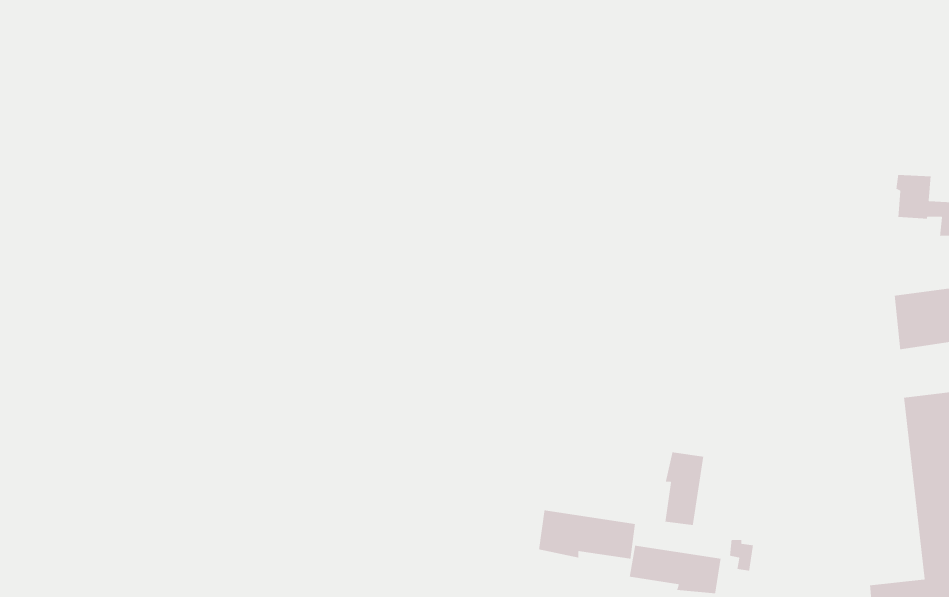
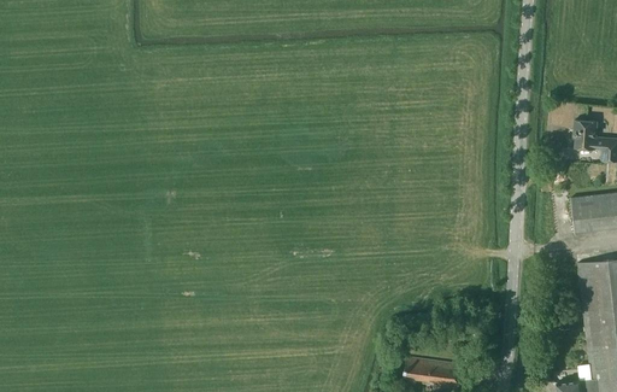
building: [664,451,704,526] -> none
building: [538,510,636,560] -> none

